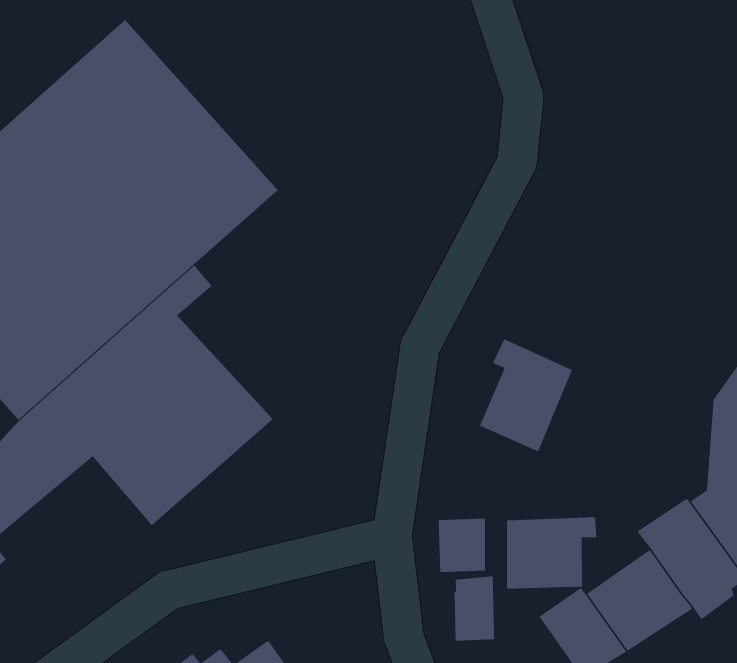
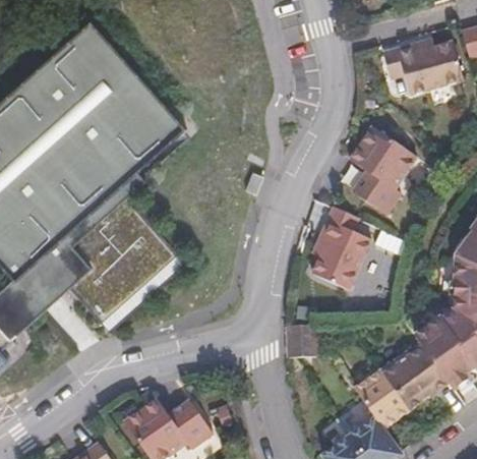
building: none -> [399,40,465,92]
building: none -> [352,124,409,212]
building: [507,517,597,590] -> none
building: [454,575,494,641] -> none

